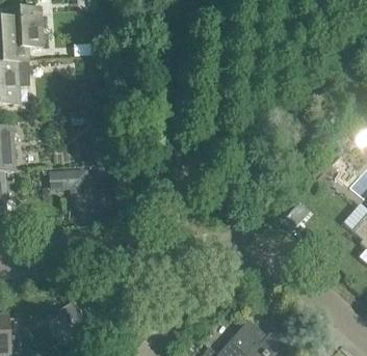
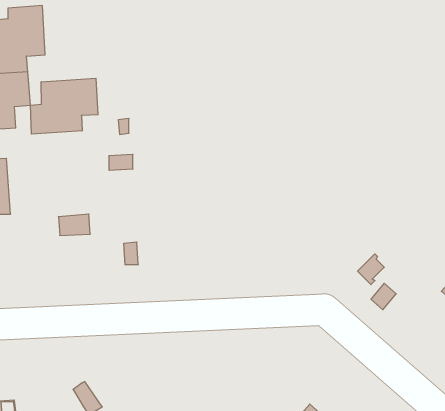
building: none -> [30,78,98,134]

